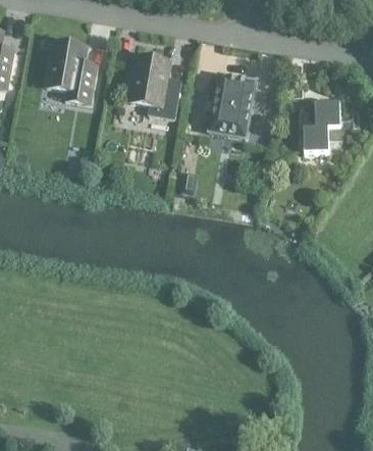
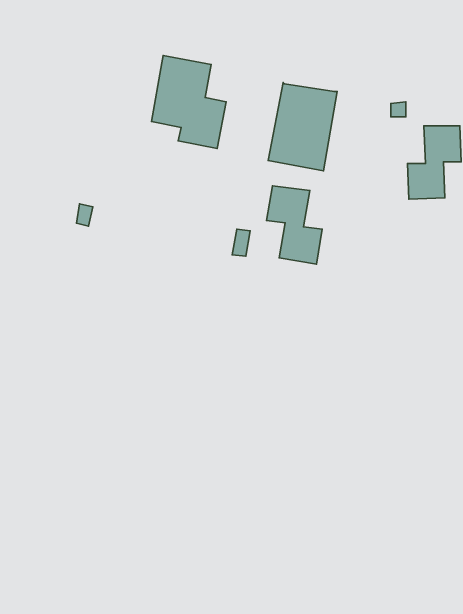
building: [46,42,98,105] -> none
building: none -> [267,186,322,264]

